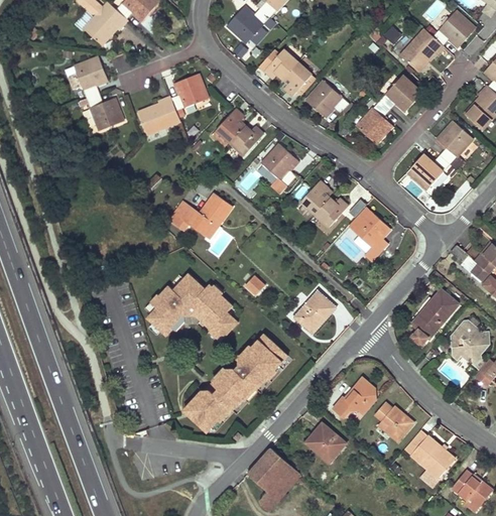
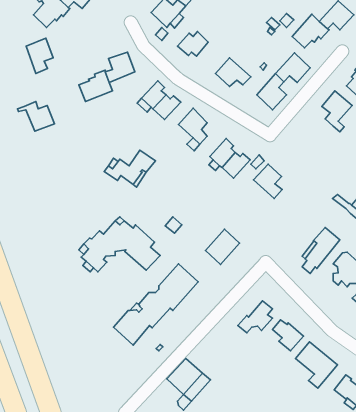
building: [283,61,317,96] -> none
building: [79,94,124,130] -> [18,101,55,131]
building: [407,154,451,190] -> none
building: [305,421,347,464] -> none

